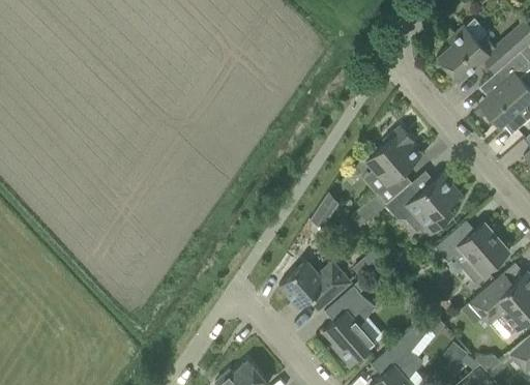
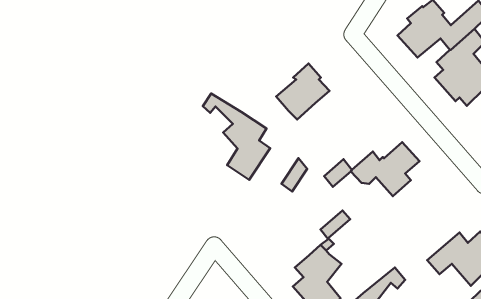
building: none -> [203,93,270,180]
building: [364,126,422,187] -> [276,63,329,119]
building: [435,220,510,277] -> none
building: [279,262,351,312] -> none

